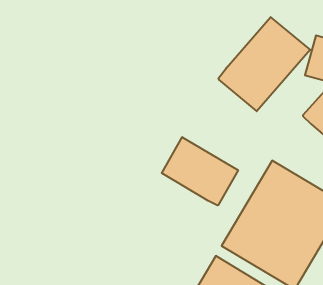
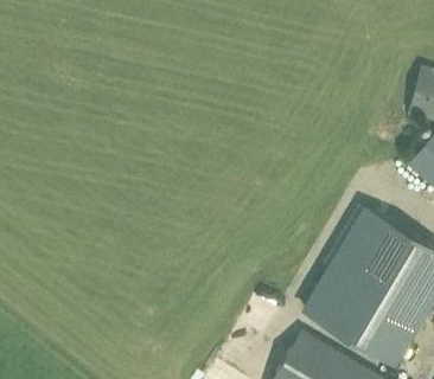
building: [219,17,310,111] -> none
building: [162,137,238,205] -> none

